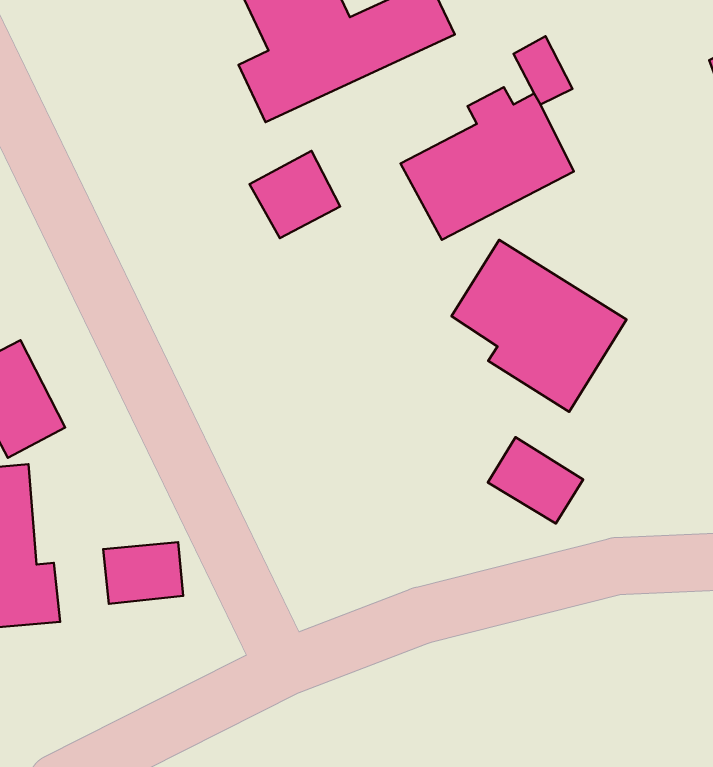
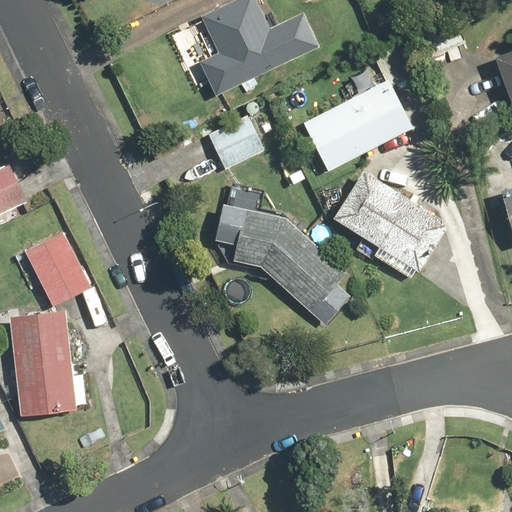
building: none -> [215,200,351,327]
building: [488,437,583,524] -> none
building: [103,542,183,604] -> none

